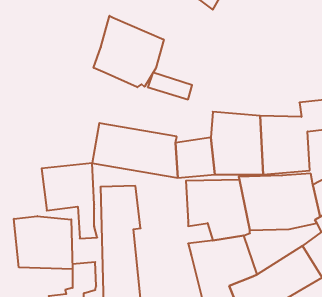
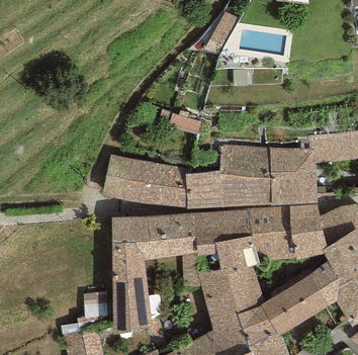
building: [94,16,164,87] -> none
building: [42,163,97,238] -> [146,211,200,285]
building: [14,216,73,269] -> none

